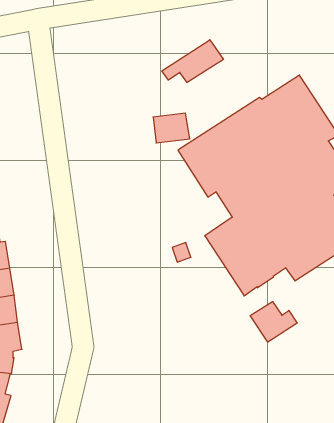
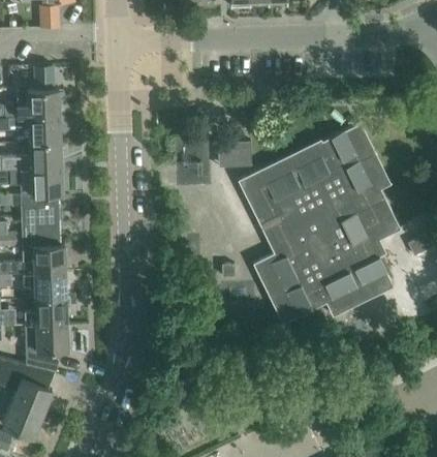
building: [162,40,223,83] -> none
building: [250,302,297,342] -> none

